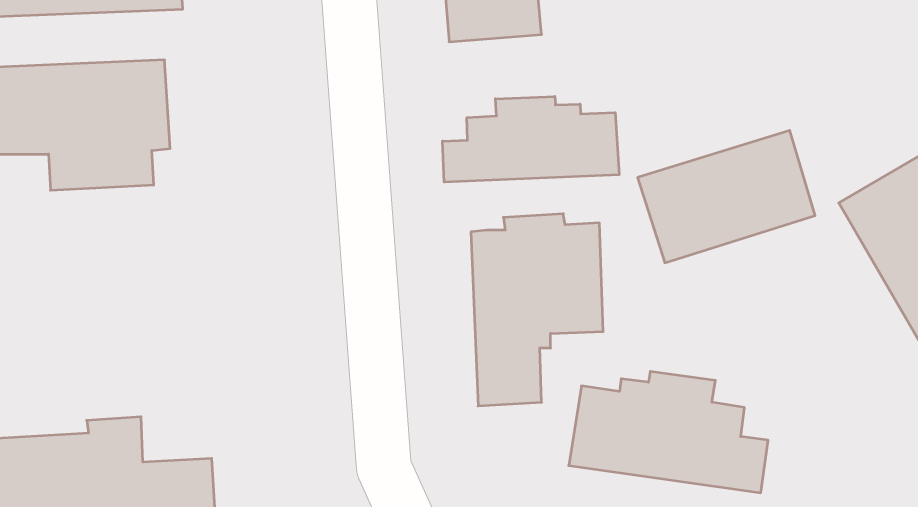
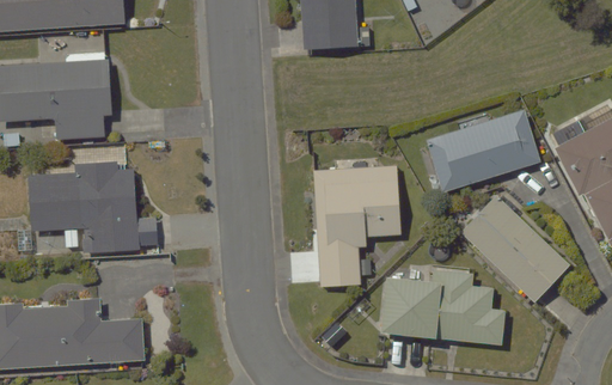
building: [443,96,619,182] -> none
building: none -> [25,167,158,250]
building: none -> [460,192,571,301]

